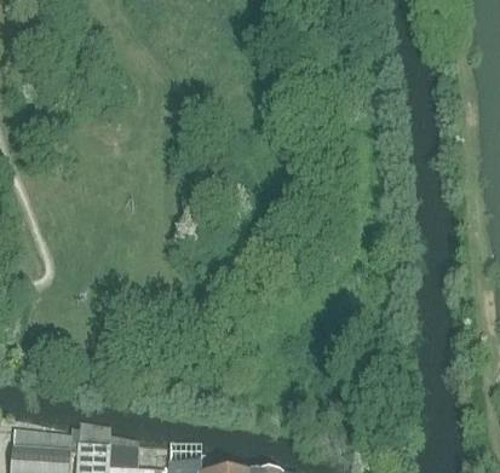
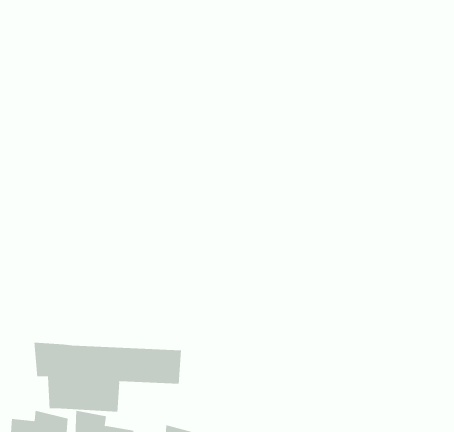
building: none -> [34,342,182,413]

